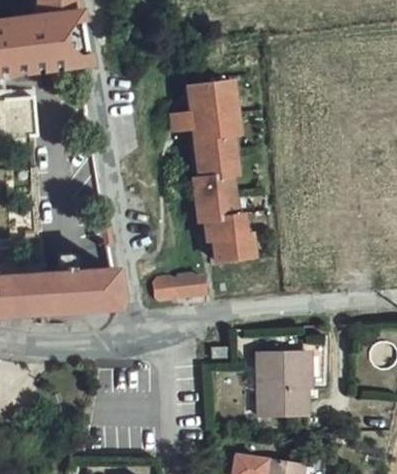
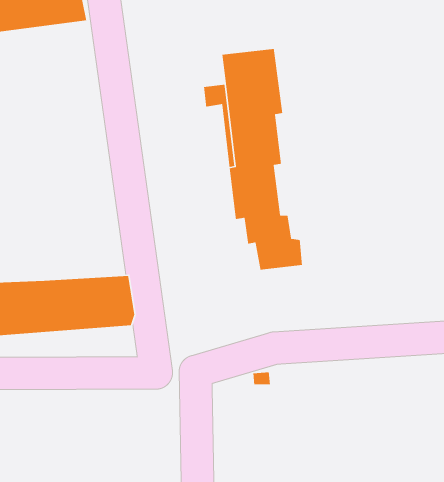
building: [158,275,209,301] -> none
building: [259,353,309,418] -> none

